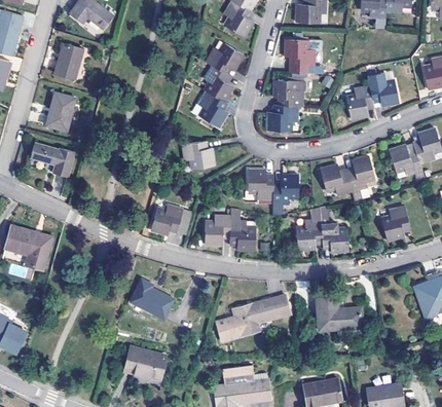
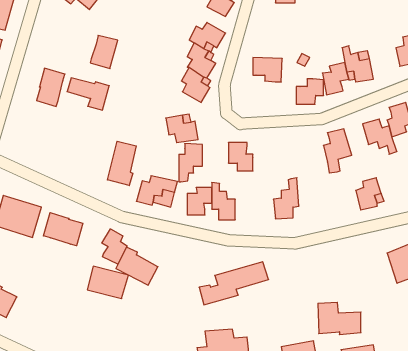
building: [285,39,315,67] -> none
building: [54,44,83,79] -> [90,35,118,69]
building: [268,105,297,132] -> [296,79,324,104]
building: [30,143,74,177] -> [67,78,109,110]
building: [320,163,352,194] -> none
building: none -> [107,141,136,186]
building: [273,174,298,214] -> [179,144,202,182]
building: [320,206,348,253] -> none
building: none -> [43,213,83,246]
building: none -> [102,229,127,264]
building: [317,297,362,331] -> [318,302,361,335]
building: [123,346,167,380] -> [87,266,128,299]

